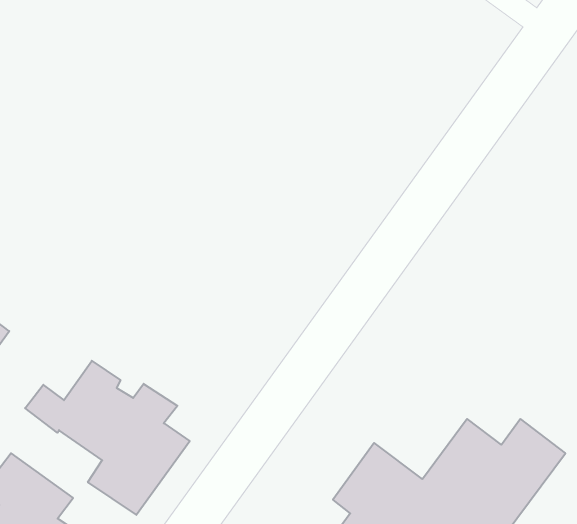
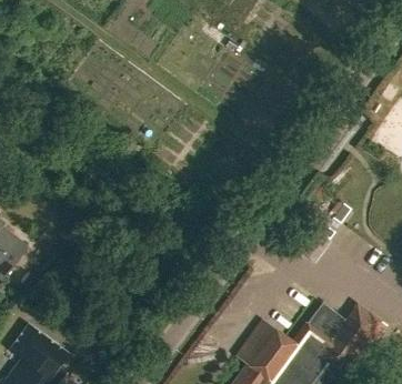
building: [25,361,190,515] -> none

